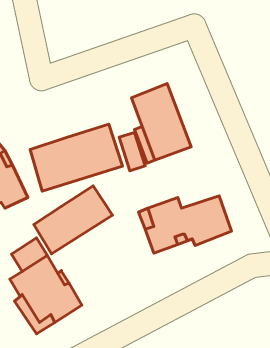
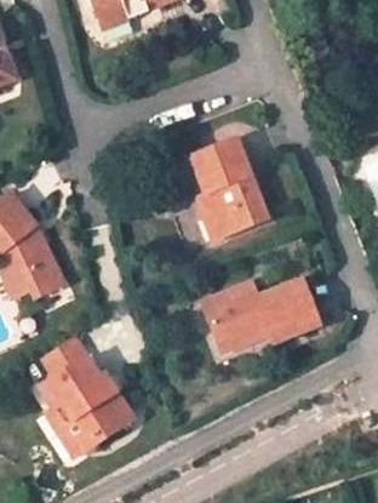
building: [30,124,123,191] -> none
building: [34,186,112,254] -> none

